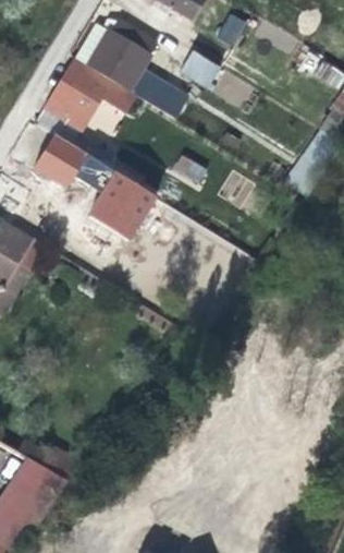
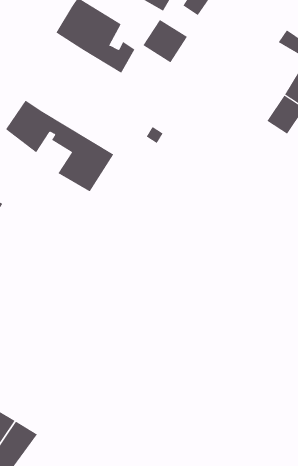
building: [42,58,112,133] -> none

